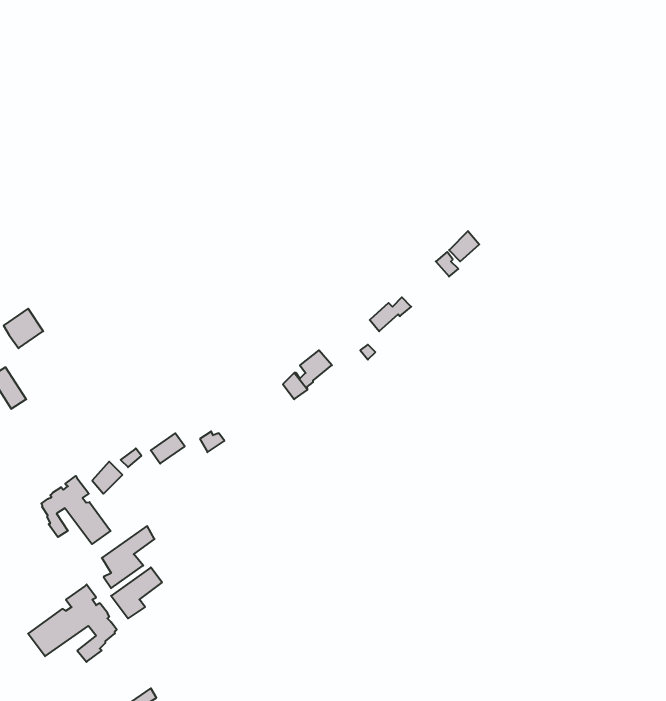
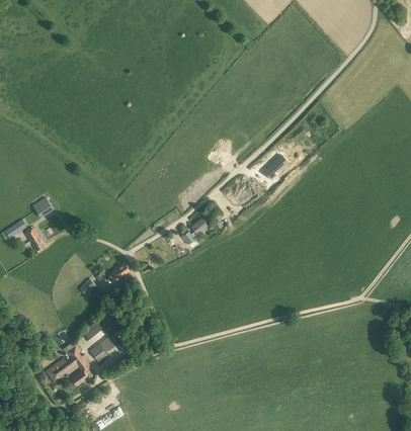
building: [41,476,111,544] -> none

